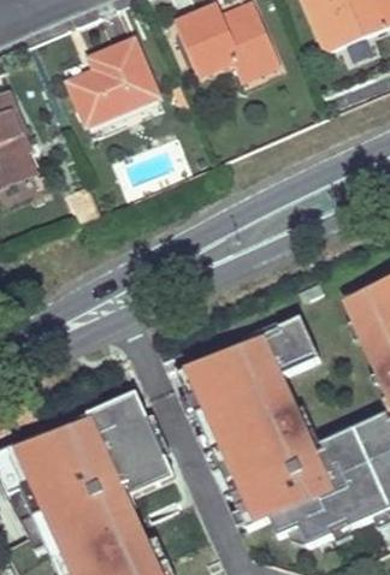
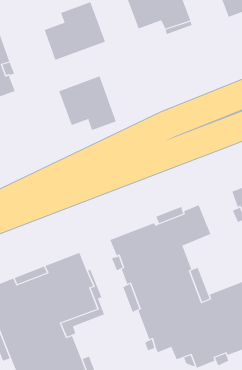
building: none -> [59,76,117,131]

